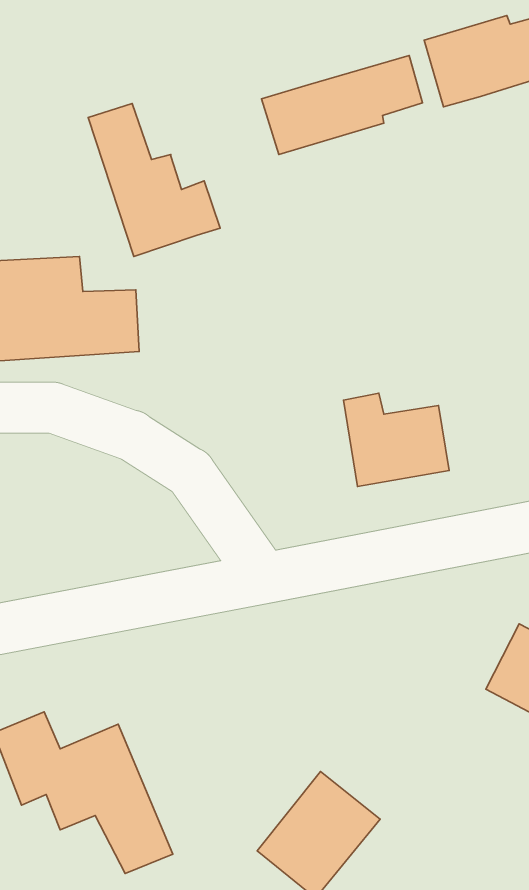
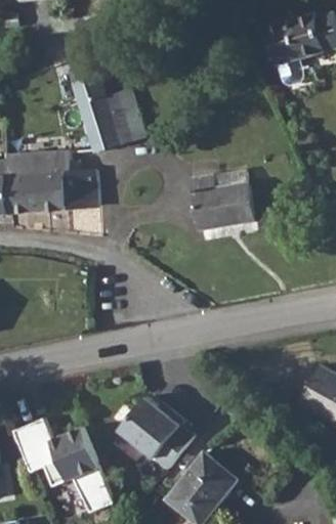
building: [261,55,422,155] -> none
building: [344,393,449,486] -> [190,176,251,230]
building: none -> [120,394,195,465]

